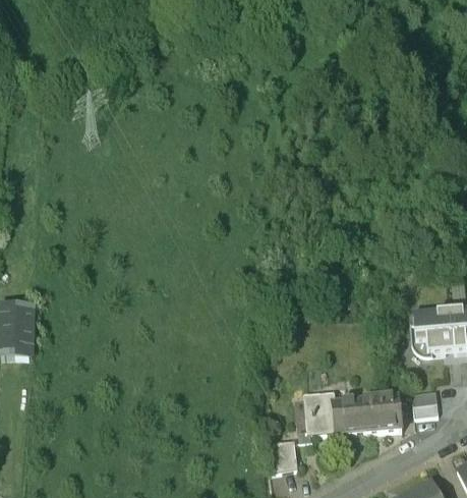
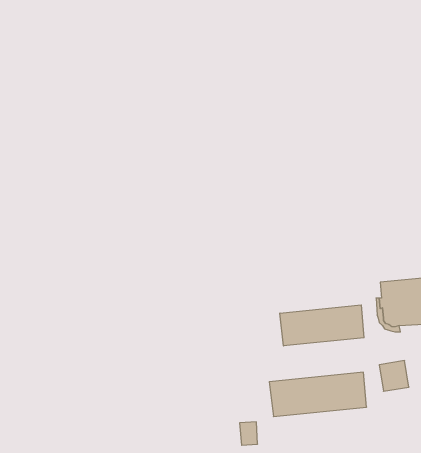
building: none -> [280,305,364,346]

